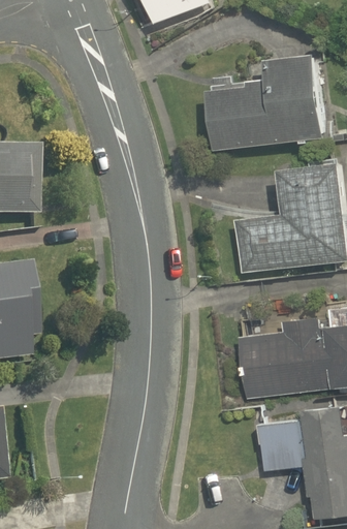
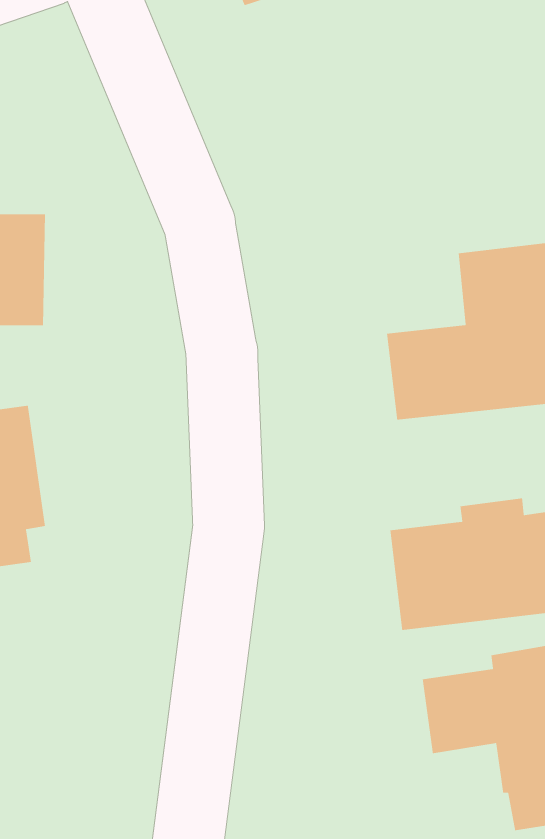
building: [214,52,330,149] -> none

